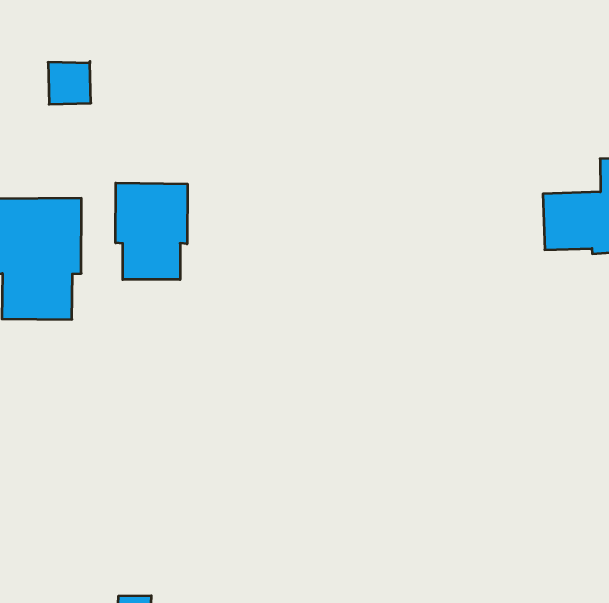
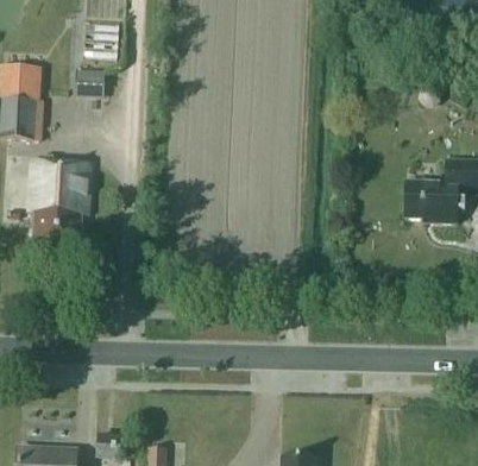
building: [116,183,187,280] -> none

